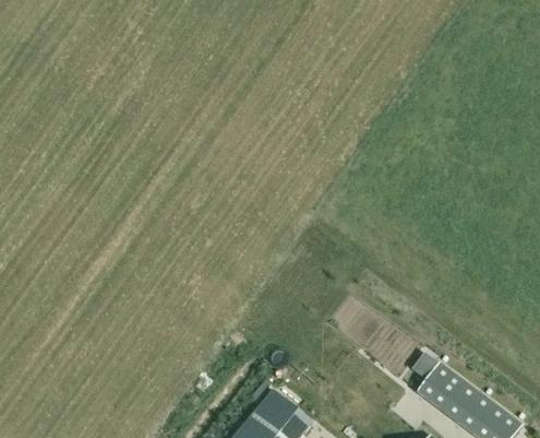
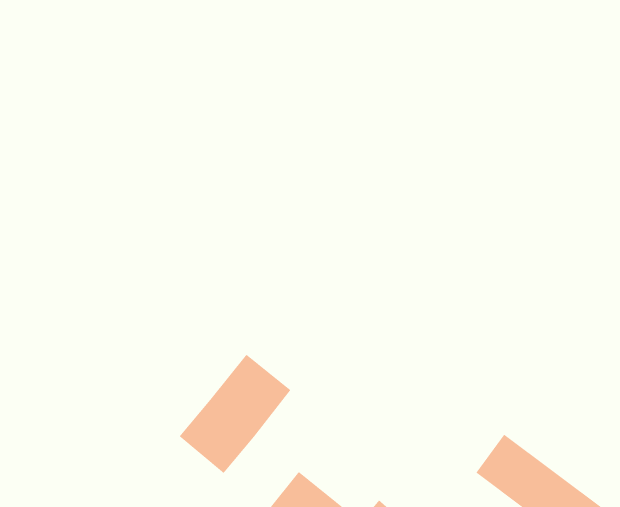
building: none -> [179,354,291,474]

